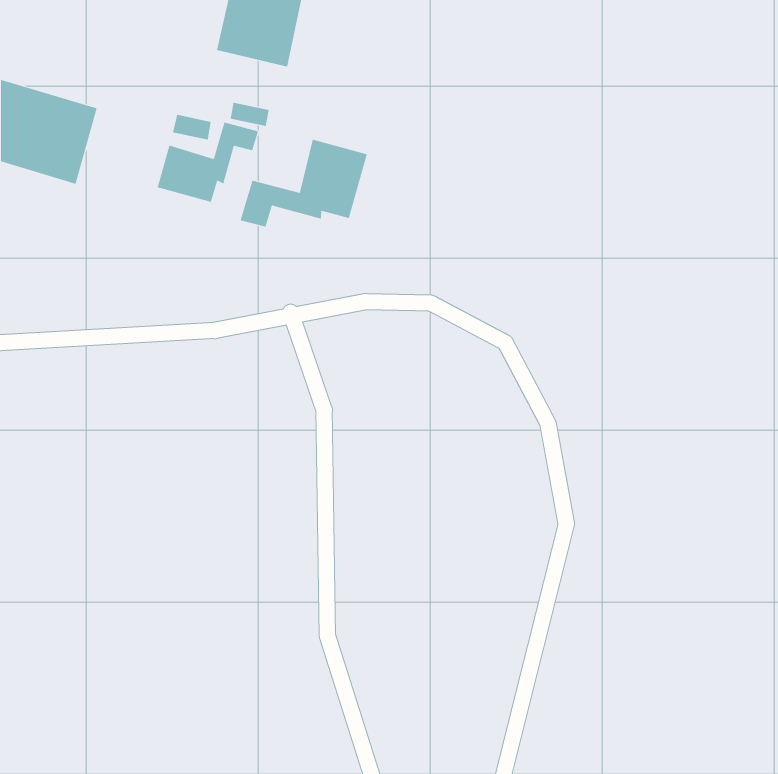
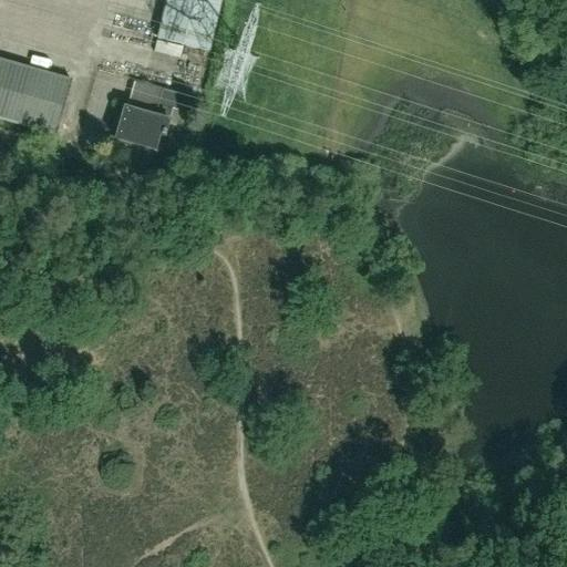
building: [240,139,367,227] -> none

